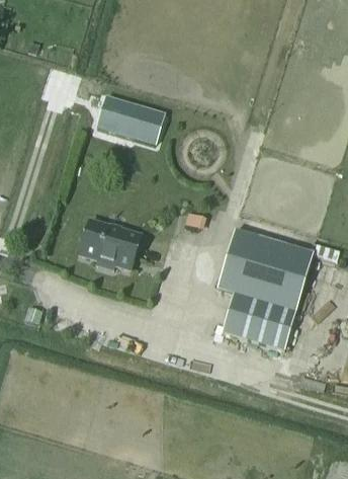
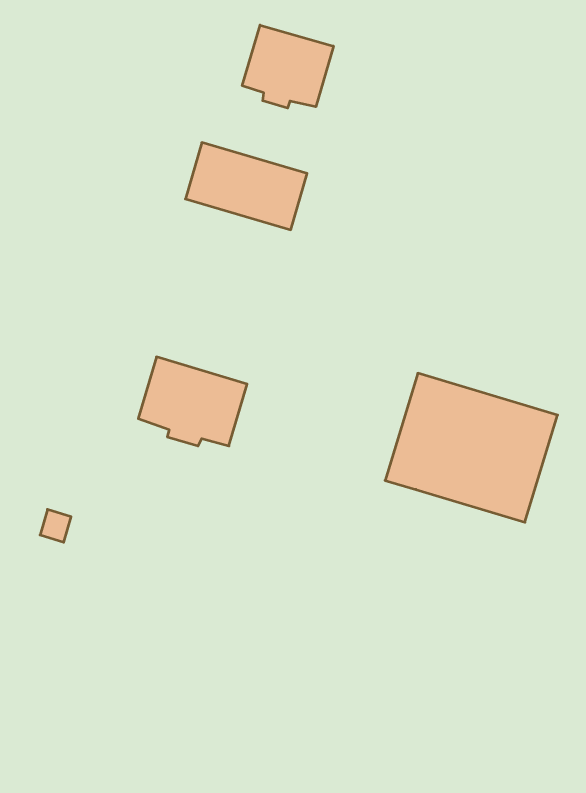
building: none -> [242,25,333,108]
building: [222,293,294,349] -> none

